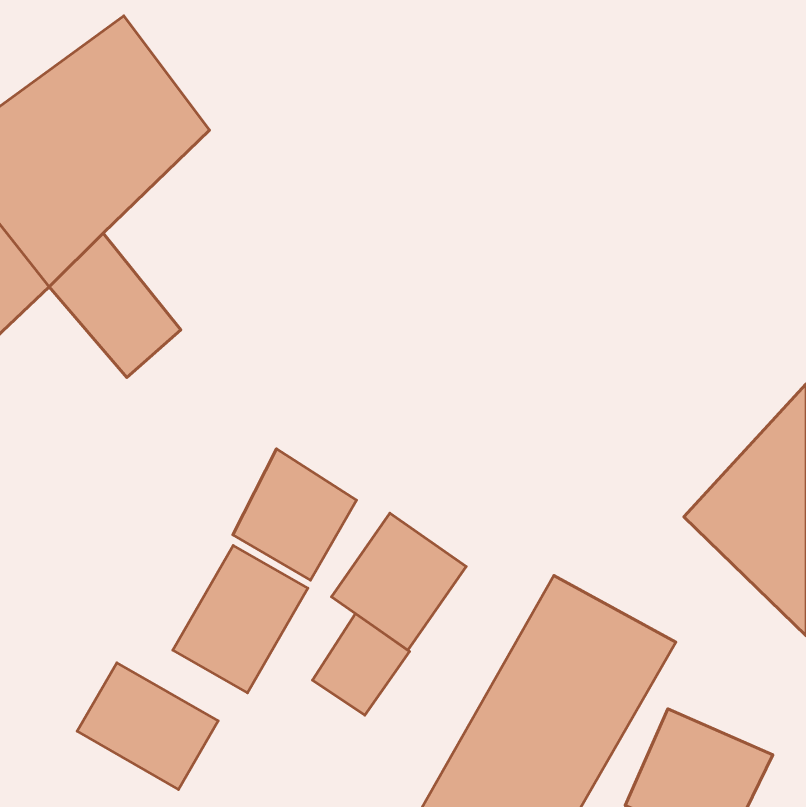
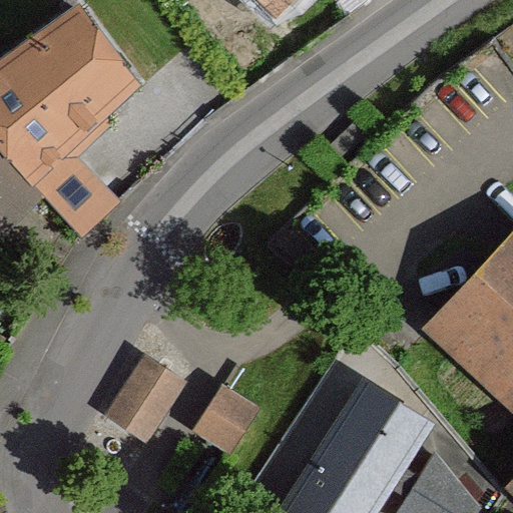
building: [233,449,357,580] -> none
building: [331,513,466,650] -> none
building: [77,663,218,789] -> none

